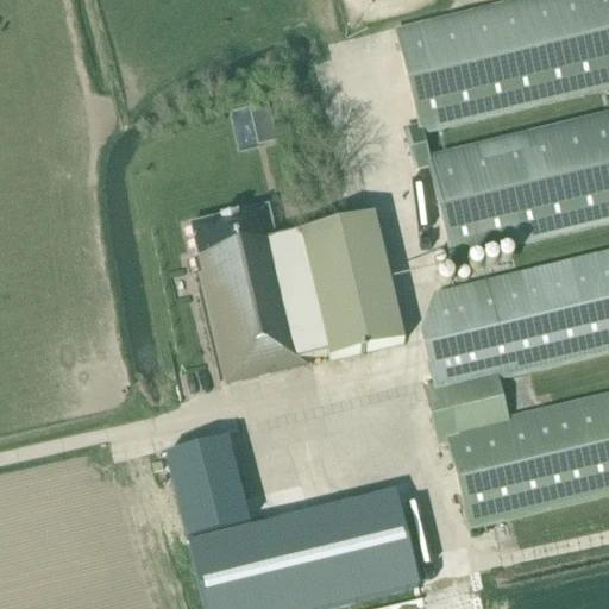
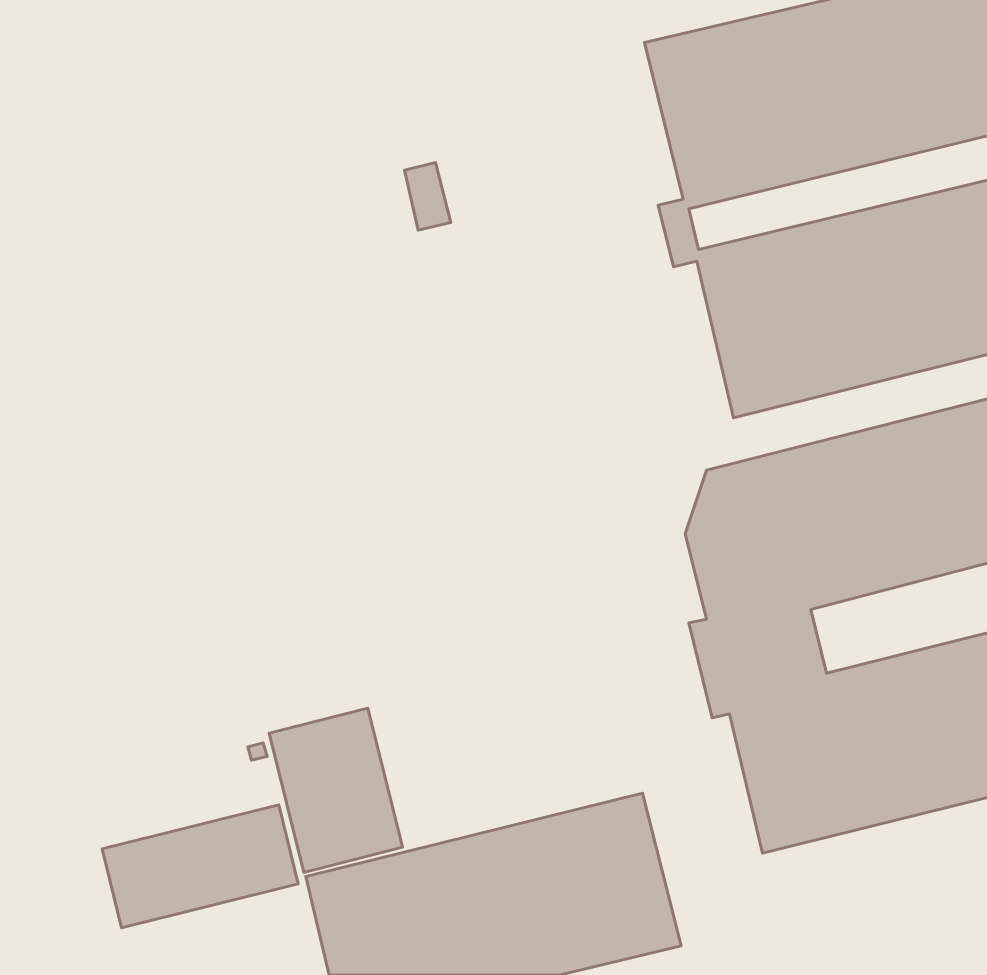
building: [192,202,406,381] -> none
building: none -> [102,805,298,928]

